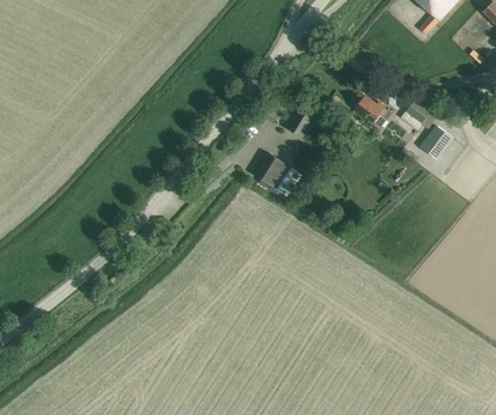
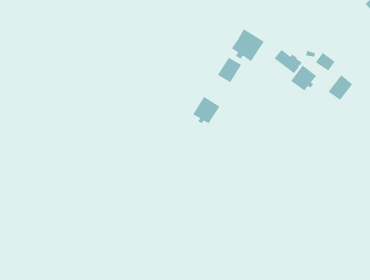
building: none -> [231,28,265,62]
building: none -> [290,65,317,92]

